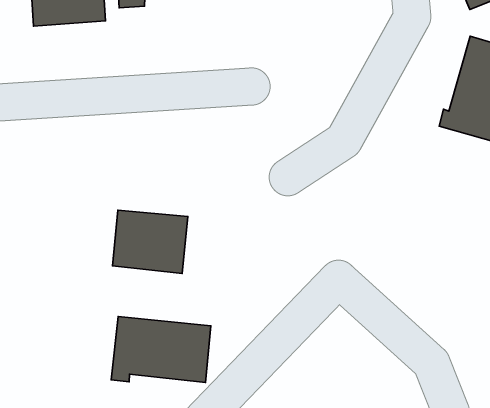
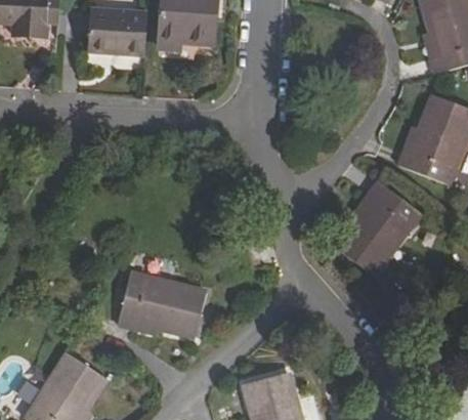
building: none -> [342,178,424,271]
building: [112,210,188,274] -> none

